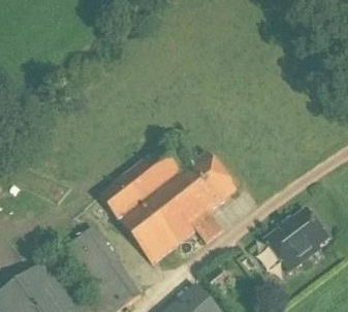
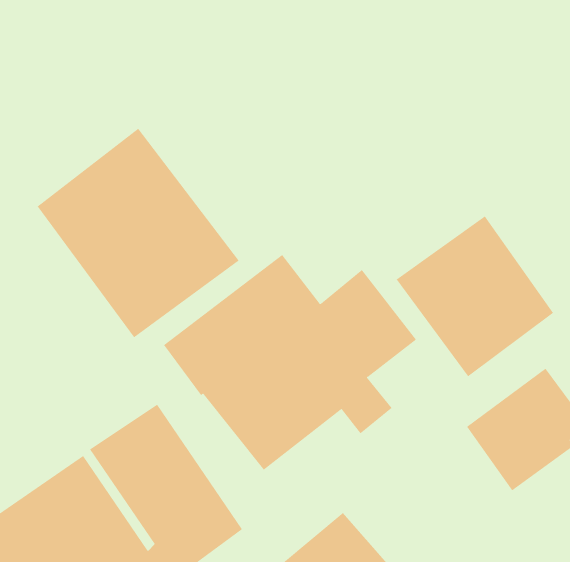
building: none -> [37,128,239,338]
building: none -> [396,216,554,377]

